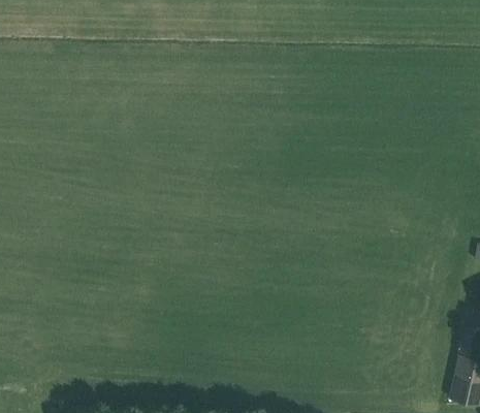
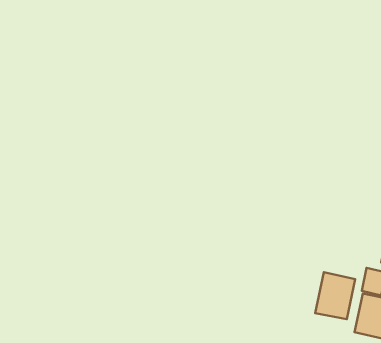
building: none -> [315,272,355,319]

